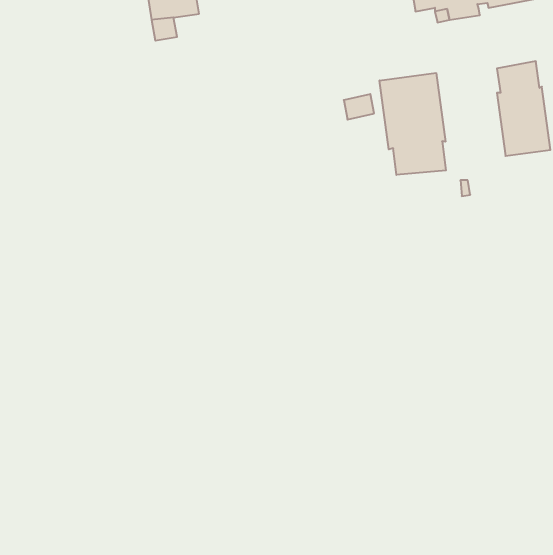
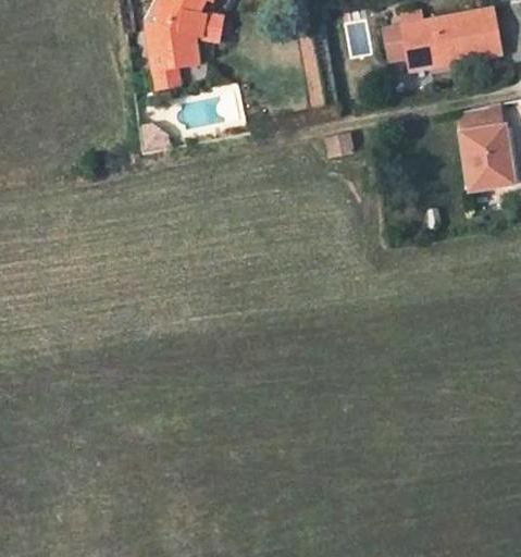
building: [380,73,446,175] -> none

